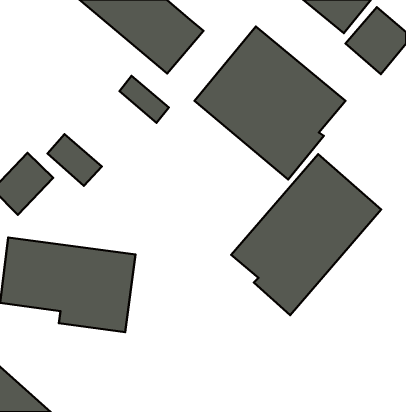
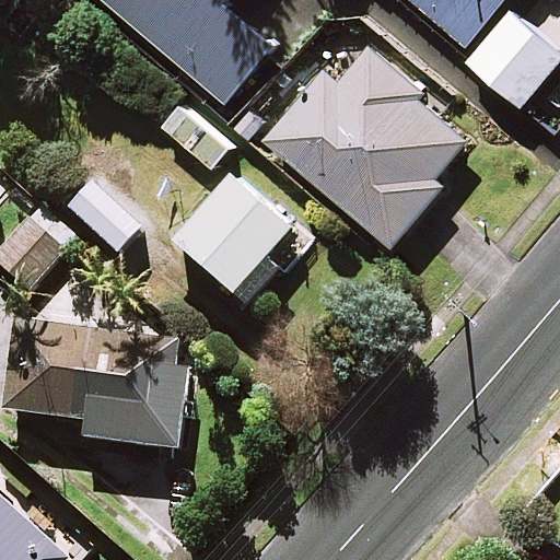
building: none -> [171,173,306,307]
building: [231,154,381,315] -> none

